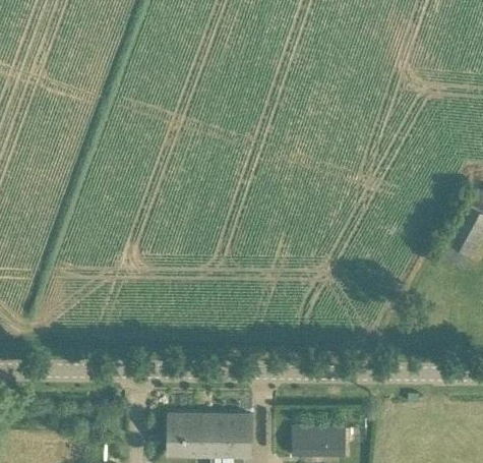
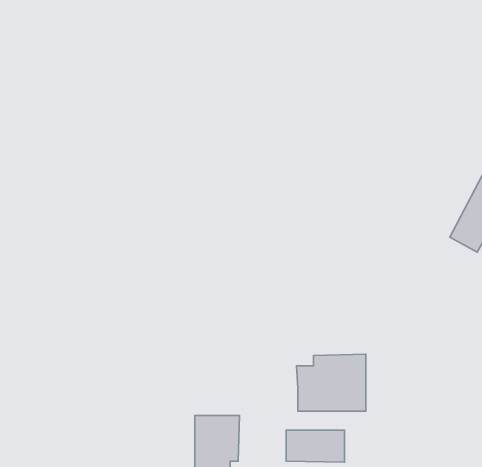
building: none -> [297,354,366,411]
building: [170,413,214,455] -> none

